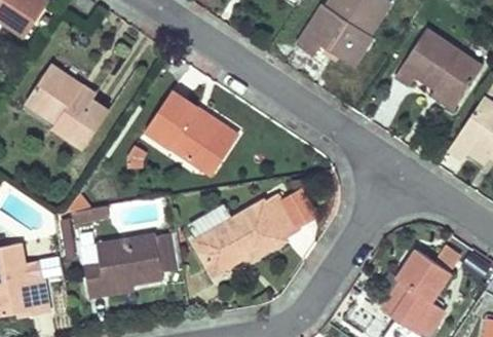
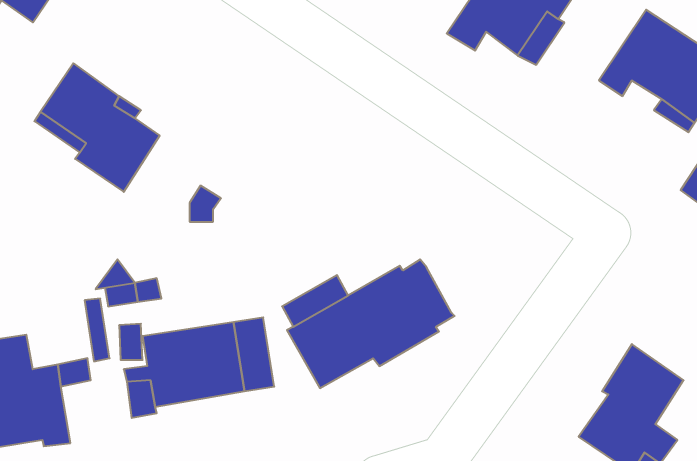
building: [144,89,238,176] -> none
building: [281,187,318,228] -> none

